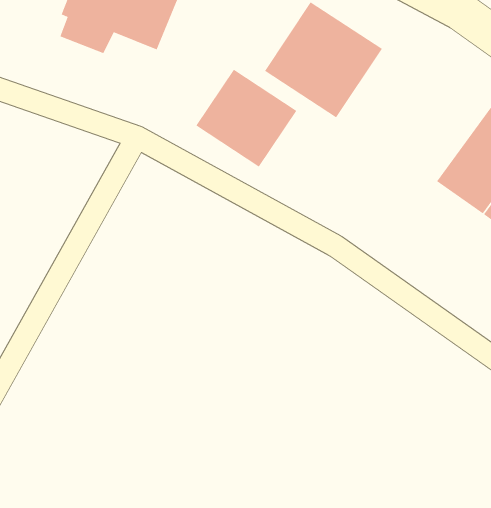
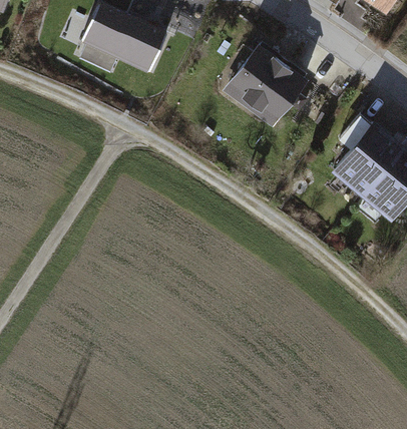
building: [195,69,297,167] -> none

